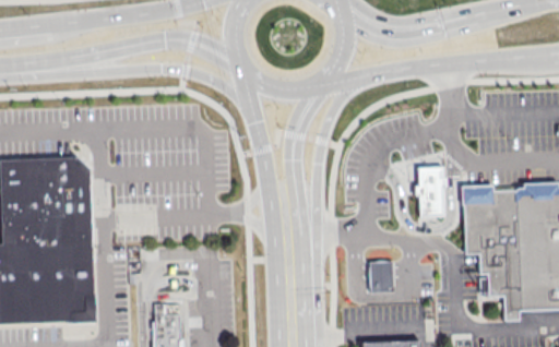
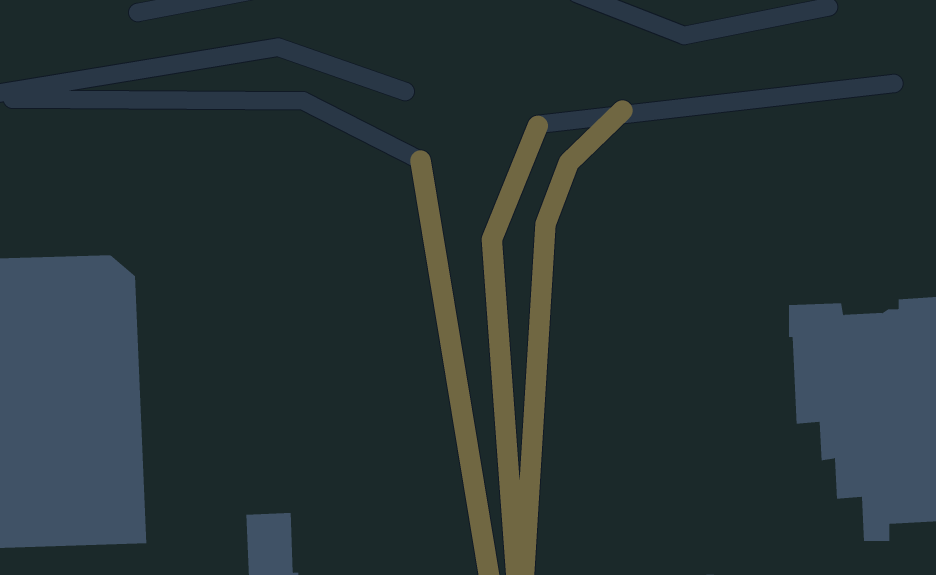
building: [414,168,447,218] -> none
building: [370,261,393,294] -> none

